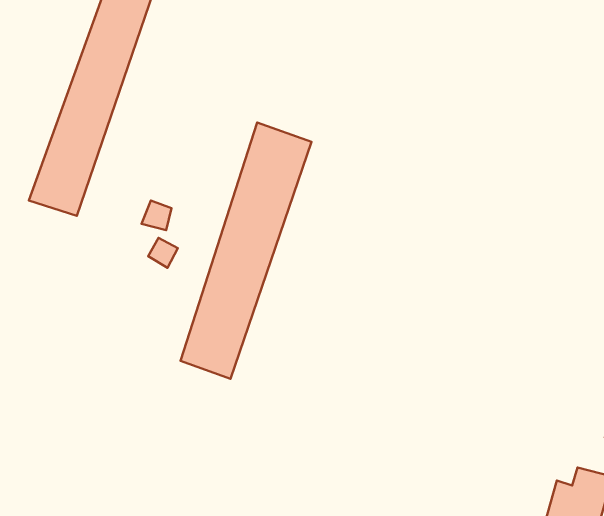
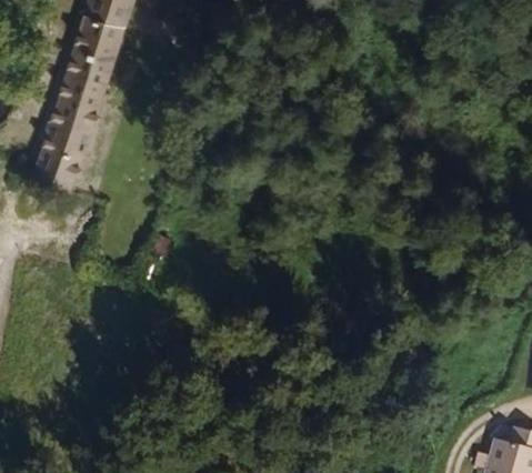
building: [181,122,311,379] -> none

